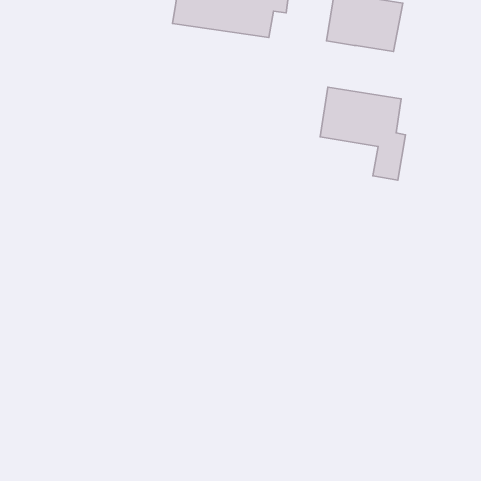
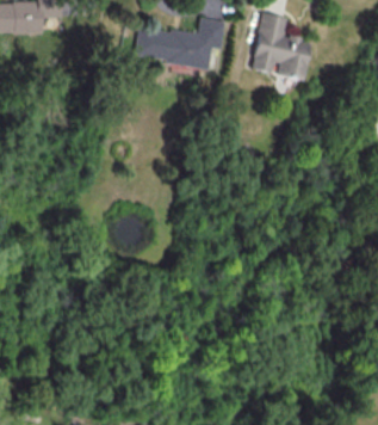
building: [320,87,406,180] -> none

